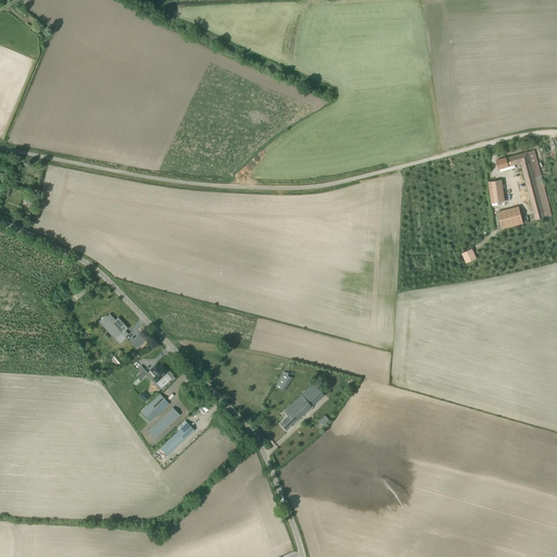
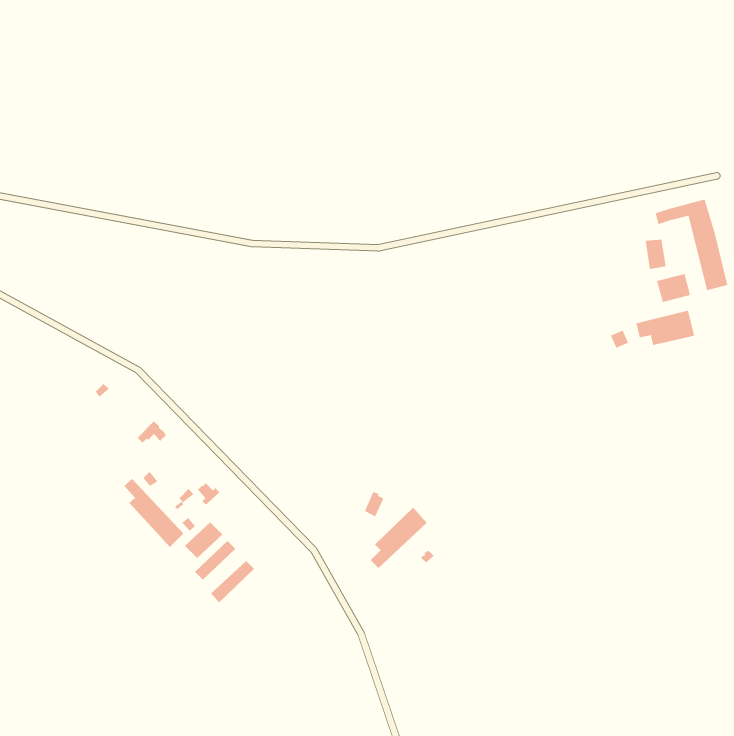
building: none -> [636,310,695,346]
building: none -> [123,478,184,548]

